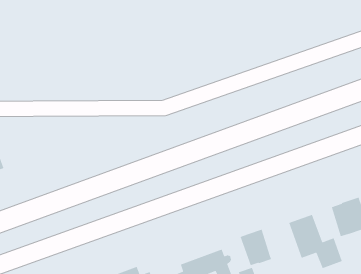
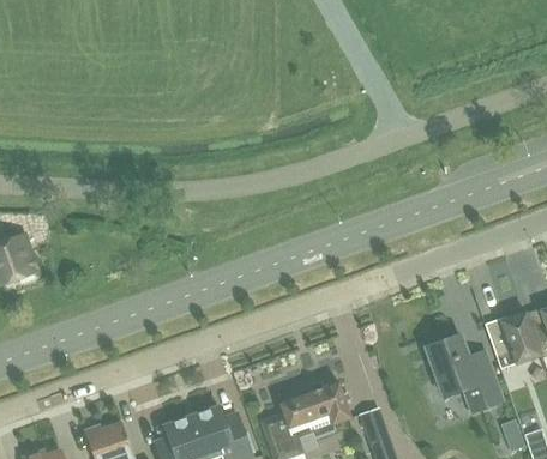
building: [240,228,272,266] -> none

